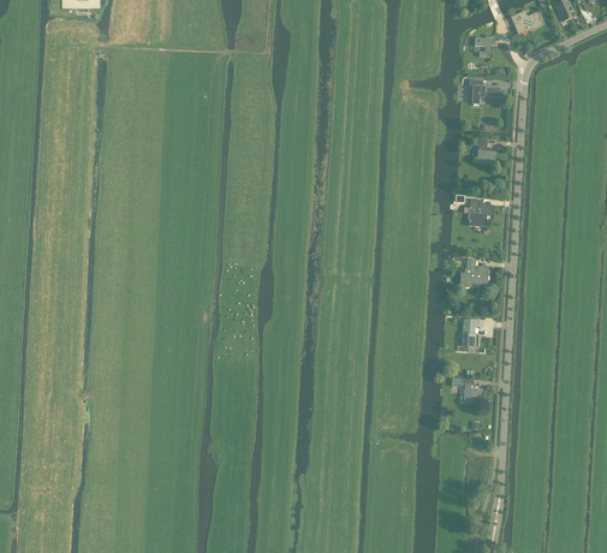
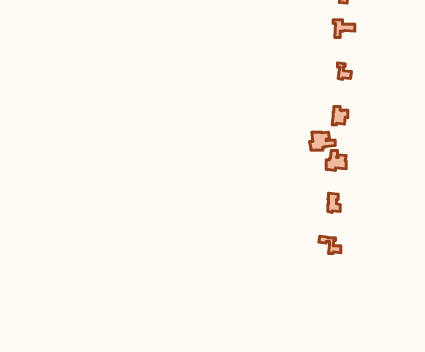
building: none -> [310,132,335,150]

